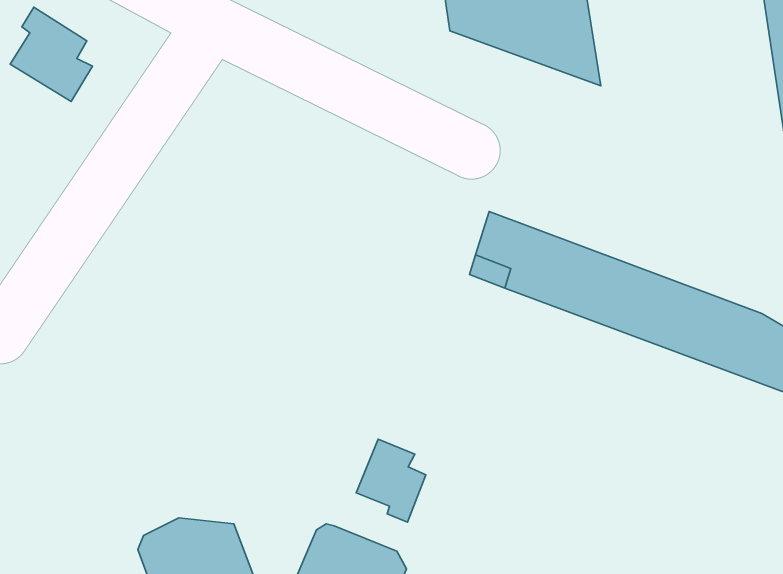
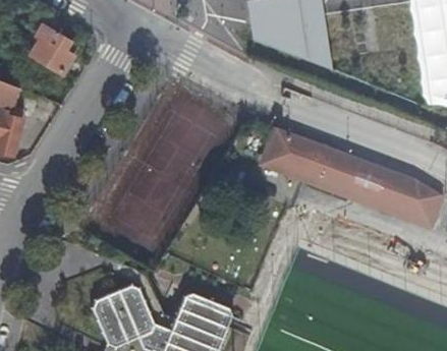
building: [356,439,426,522] -> none

